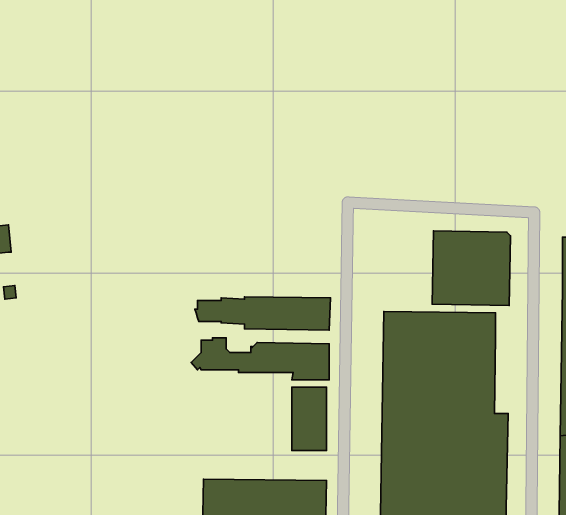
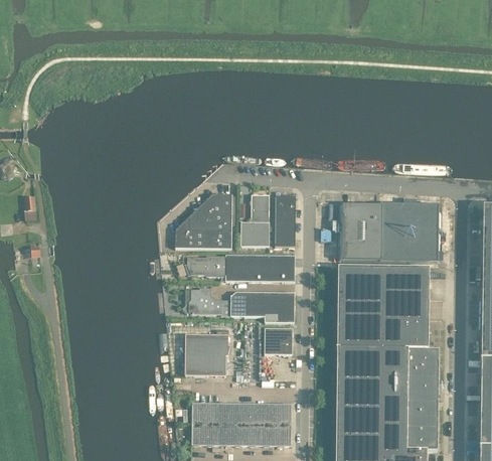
building: none -> [175,193,231,249]
building: none -> [240,195,269,247]
building: none -> [275,196,295,247]
building: none -> [338,200,378,261]
building: none -> [184,334,228,376]

